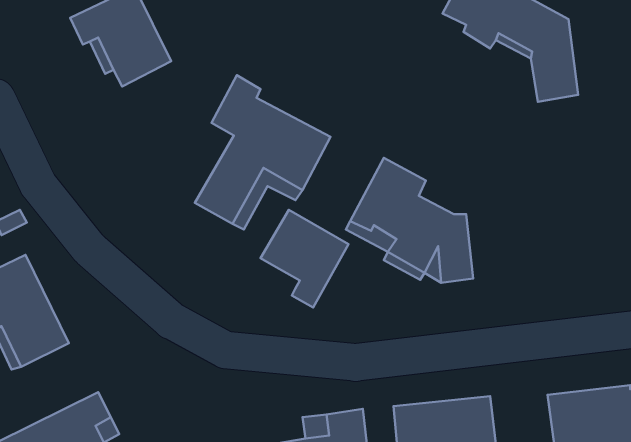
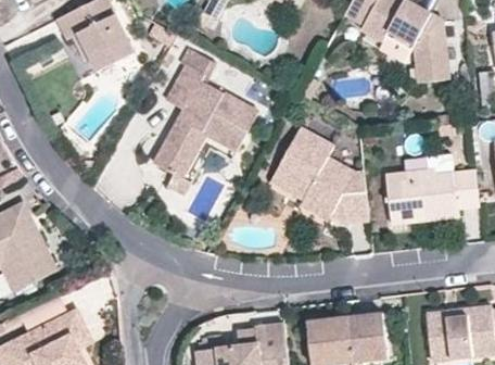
building: none -> [385,167,479,225]
building: [260,210,349,307] -> none

